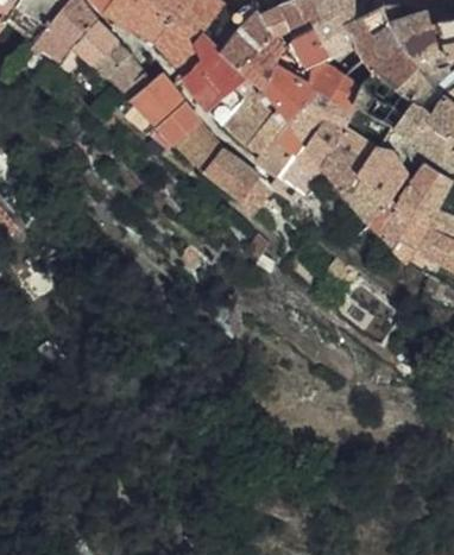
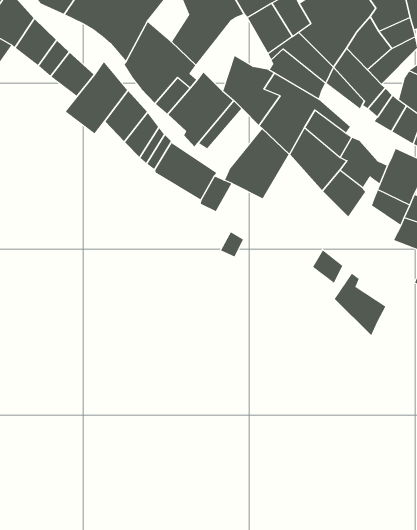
building: [245,36,289,100] -> none
building: [248,118,301,171] -> none
building: [374,202,422,261] -> [334,273,386,336]

